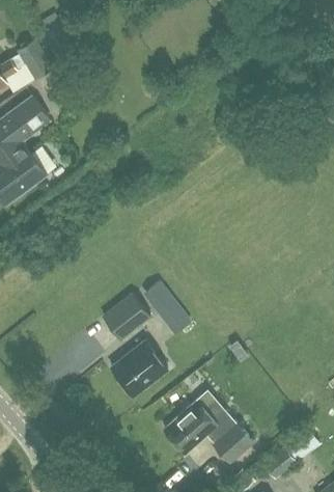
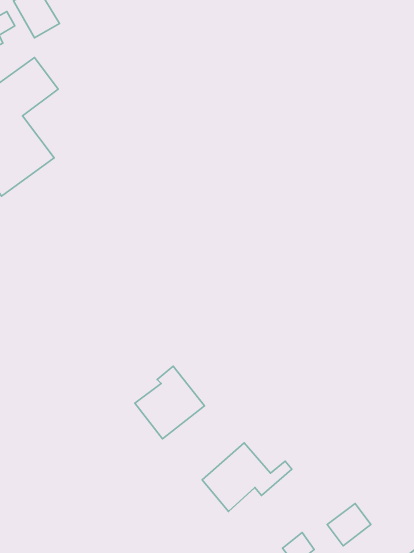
building: [142,280,191,334] -> none
building: [102,292,151,340] -> none
building: [212,419,254,462] -> none

